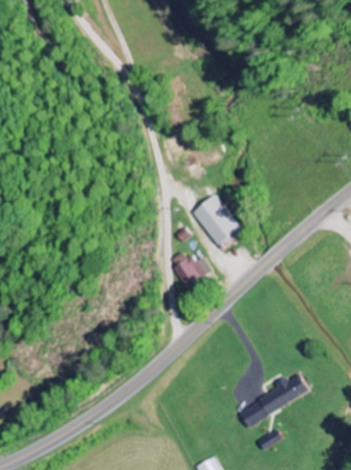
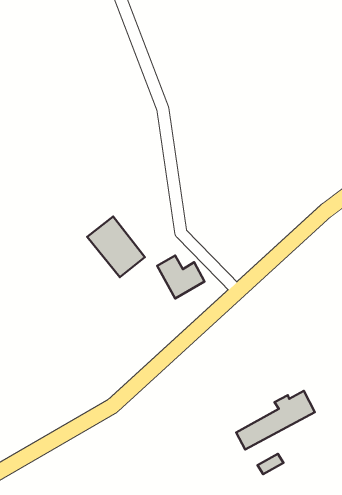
building: [192,194,244,249] -> [87,216,145,277]

